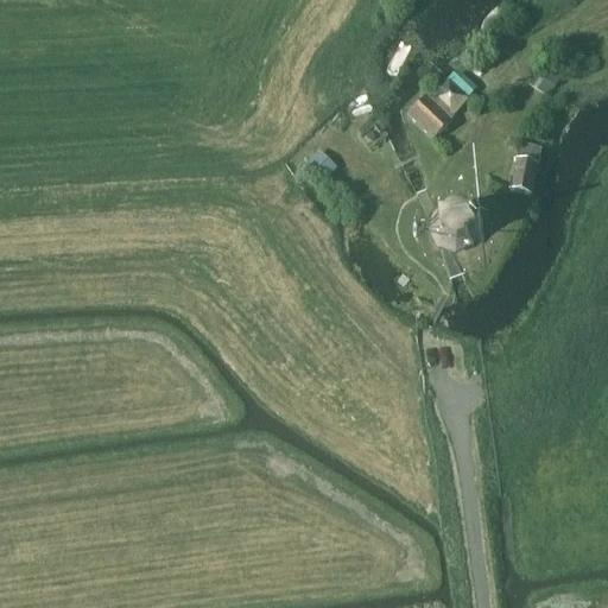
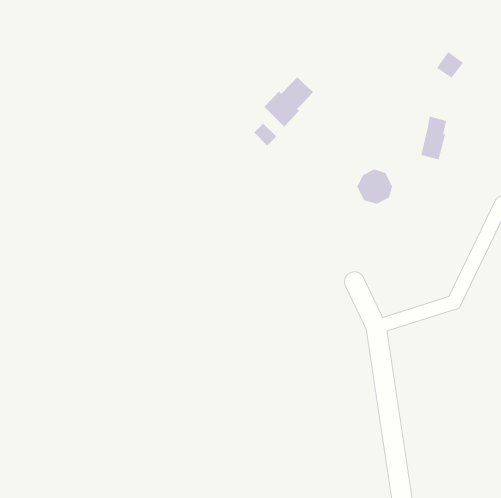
building: [408,76,469,138] -> [264,76,314,127]

